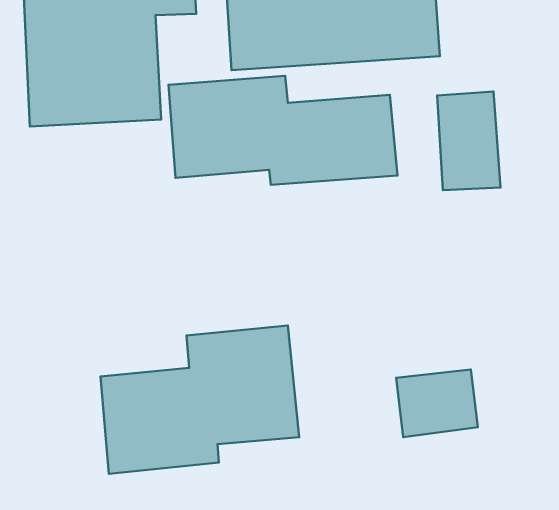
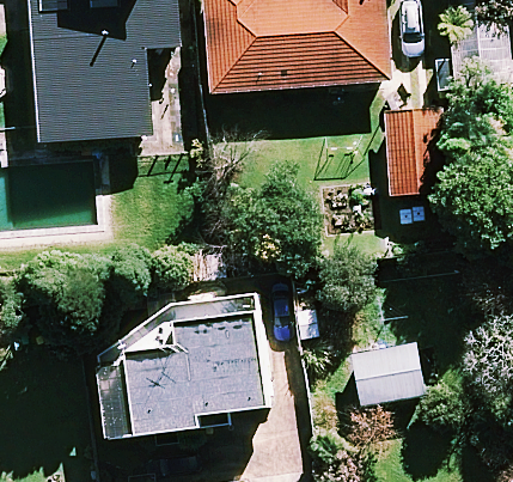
building: [168,76,398,185] -> none

